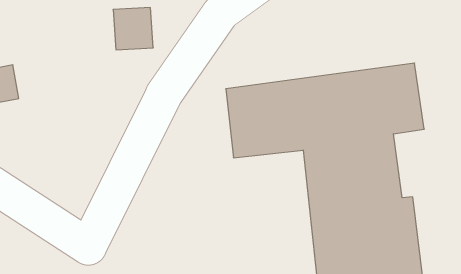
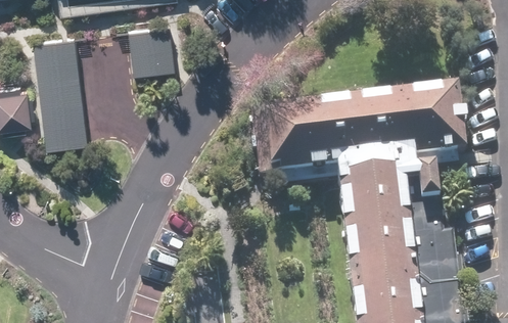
building: none -> [39,43,93,152]

